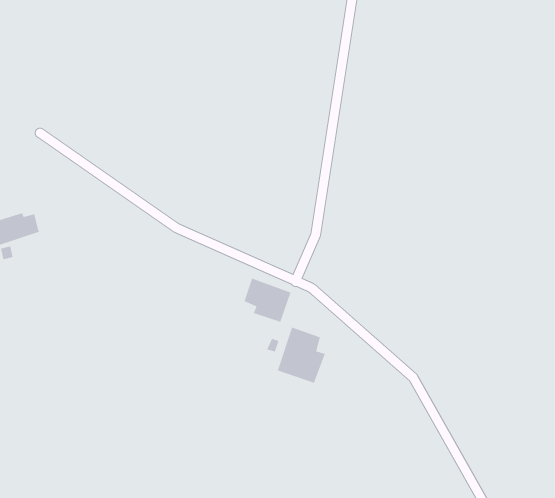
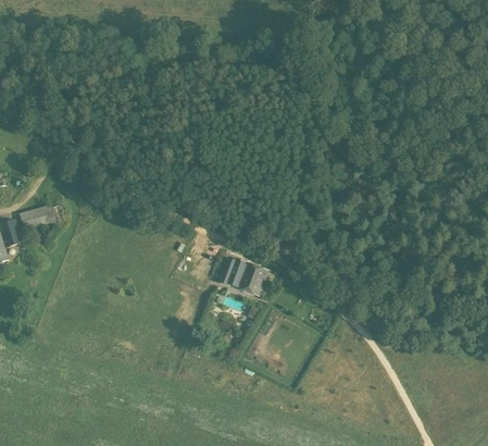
building: [277,326,326,384] -> none

